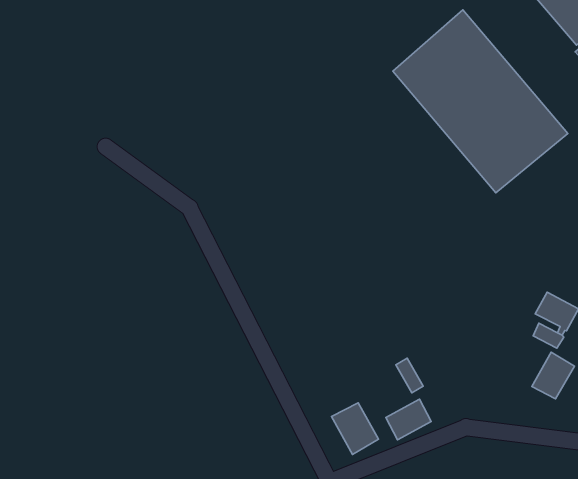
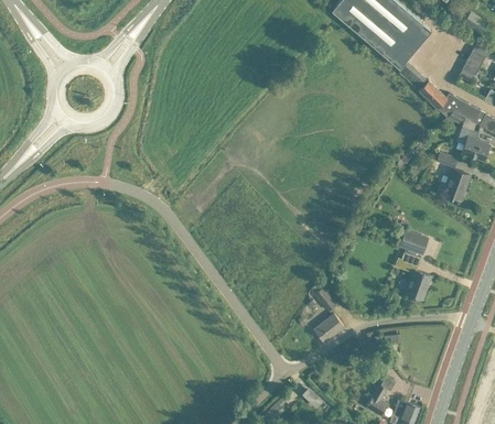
building: [393,10,568,193] -> none
building: [331,403,379,455] -> none

